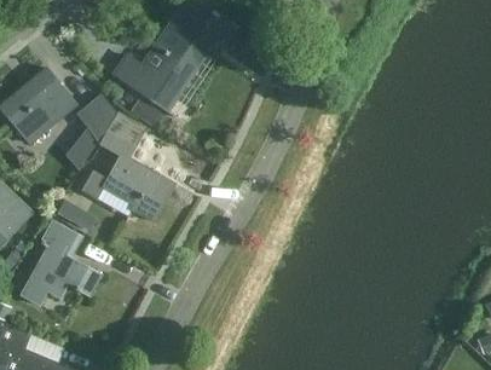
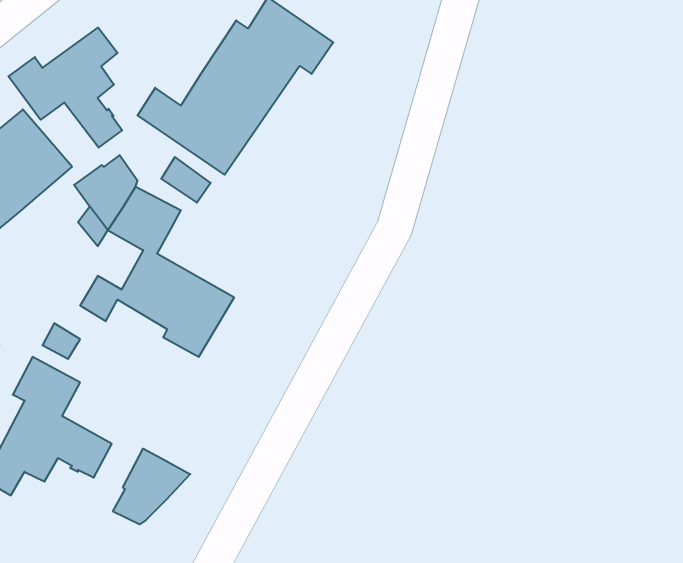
building: none -> [8,28,122,148]
building: none -> [113,449,190,524]

